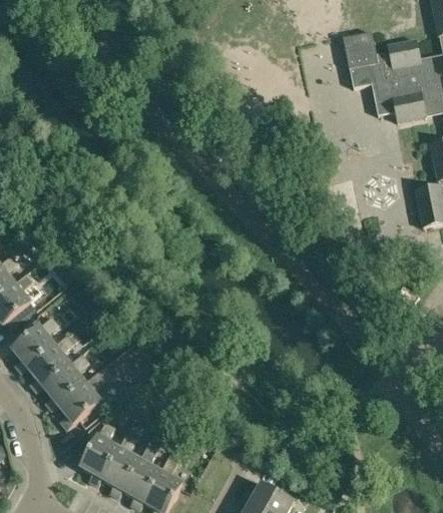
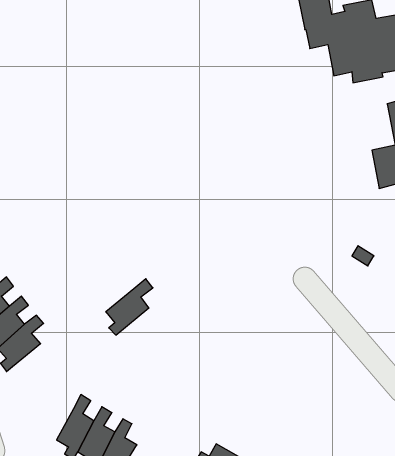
building: [58,373,105,429] -> [106,279,153,335]
building: [80,422,119,486] -> none

